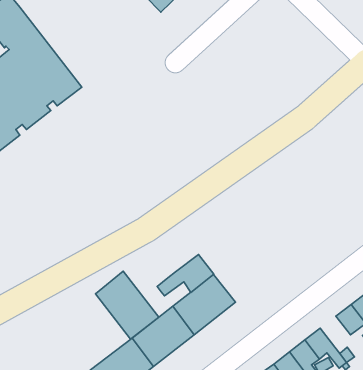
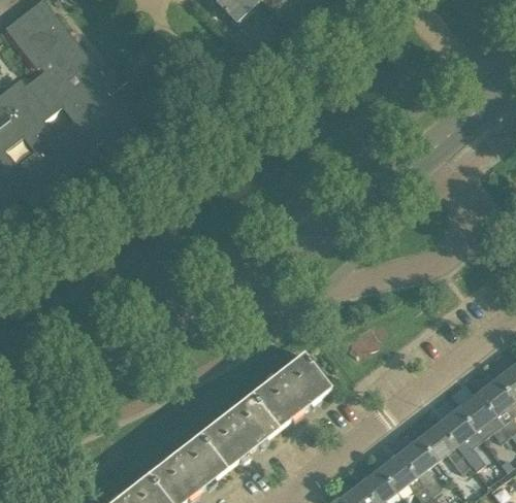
building: [157,255,214,296] -> none
building: [95,271,159,339] -> none
building: none -> [437,406,475,445]

